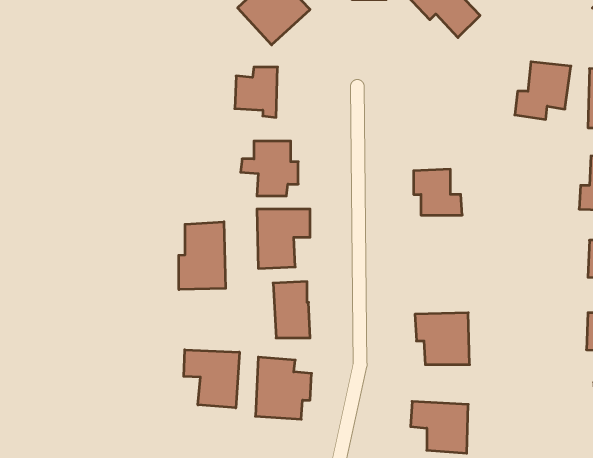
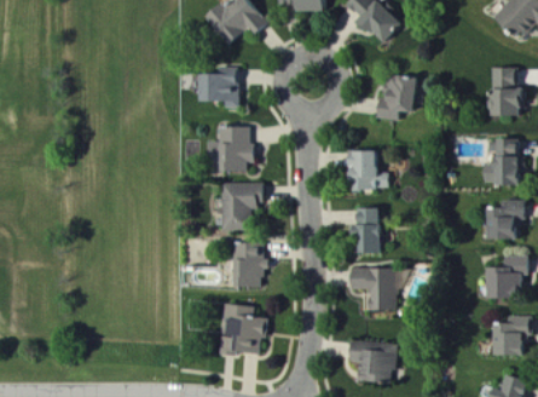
building: [515,62,571,119] -> [372,74,418,121]
building: [179,222,226,290] -> none
building: none -> [357,208,383,254]
building: [184,350,239,408] -> none

